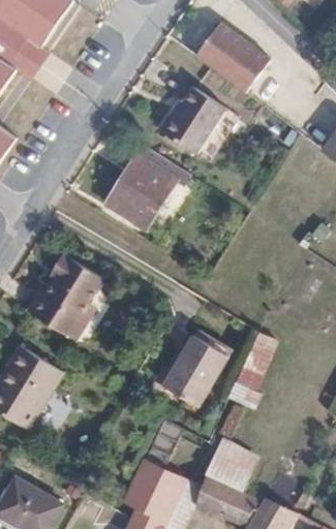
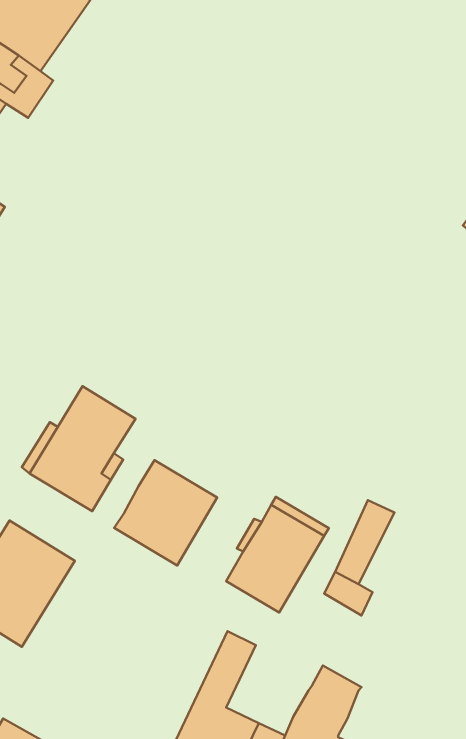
building: [194,24,269,93] -> none
building: [163,87,225,153] -> none
building: [106,147,179,227] -> none
building: none -> [114,460,217,565]

